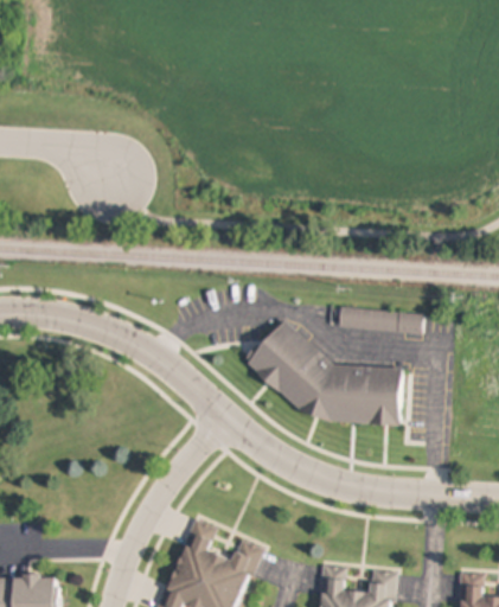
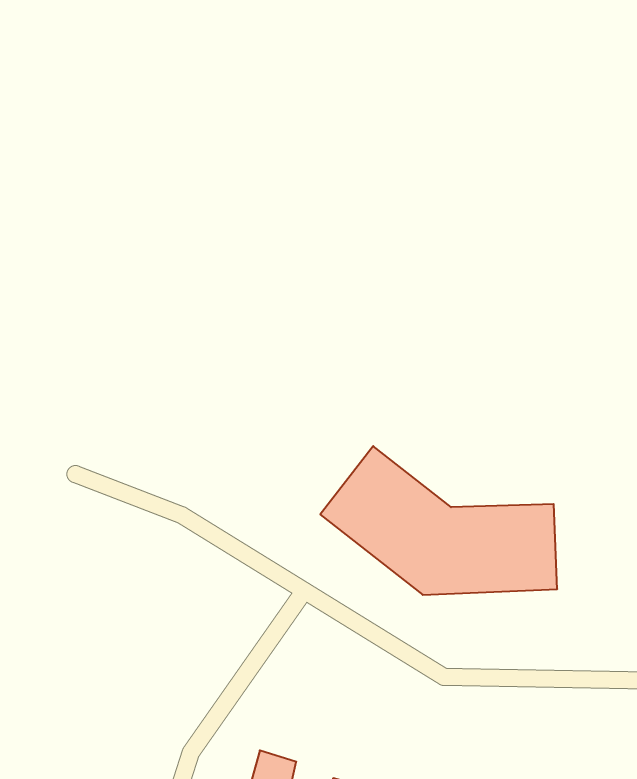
building: [340,308,424,334] -> none

